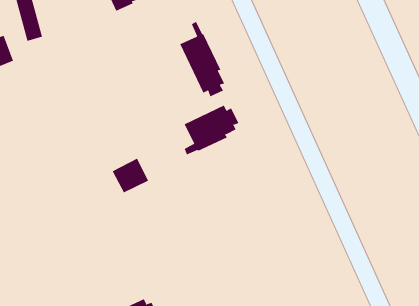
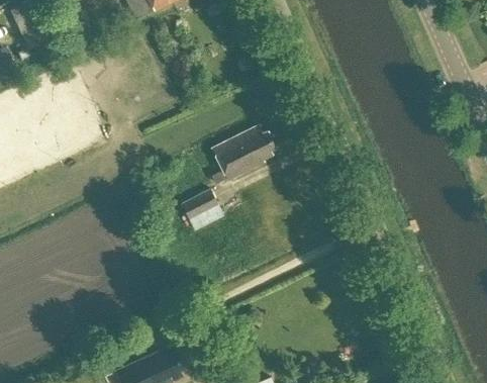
building: [180,21,225,97] -> none
building: [112,158,149,193] -> [181,191,223,231]

